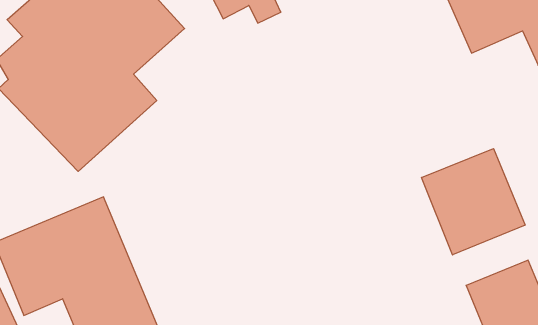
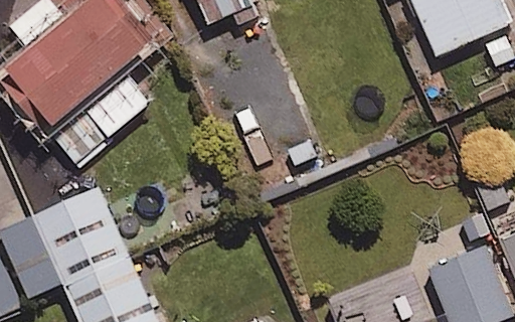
building: [422,149,525,255] -> none

